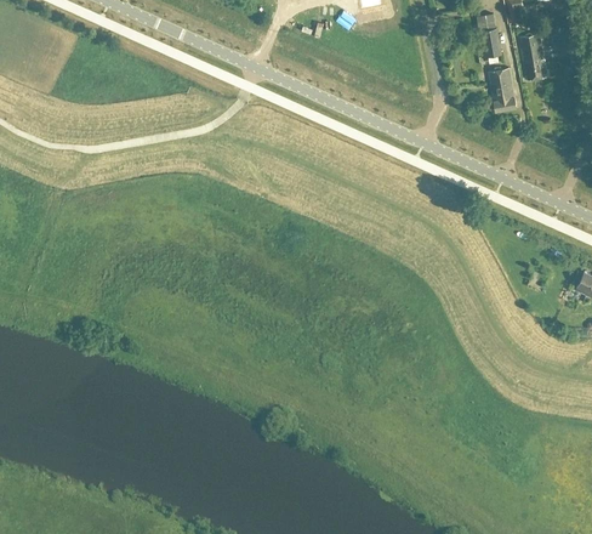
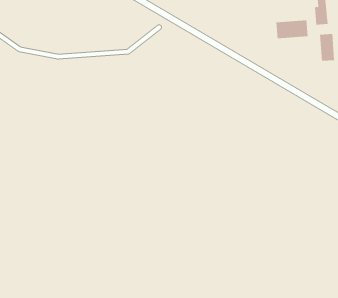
building: none -> [276,20,308,39]

